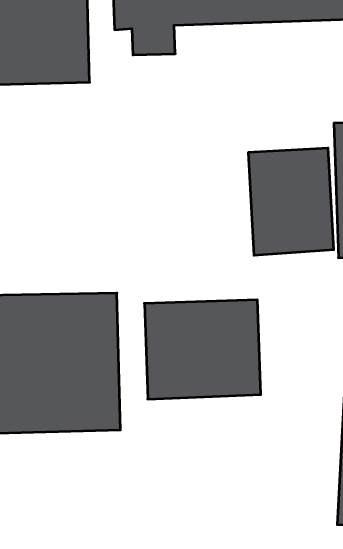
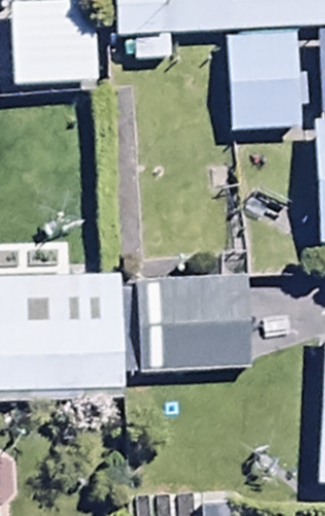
building: [248,148,334,255] -> [226,31,302,127]

